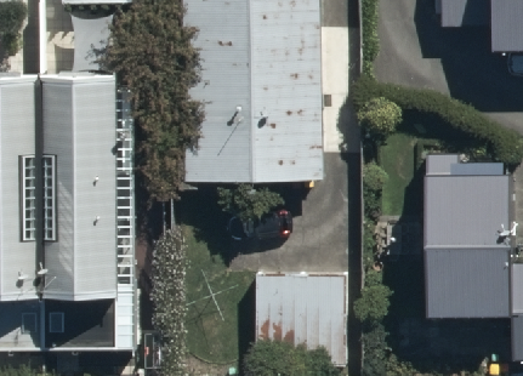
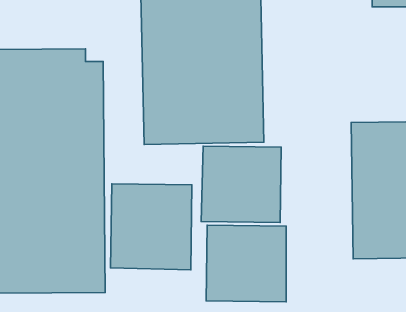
building: none -> [201,146,281,223]
building: none -> [111,184,192,270]

